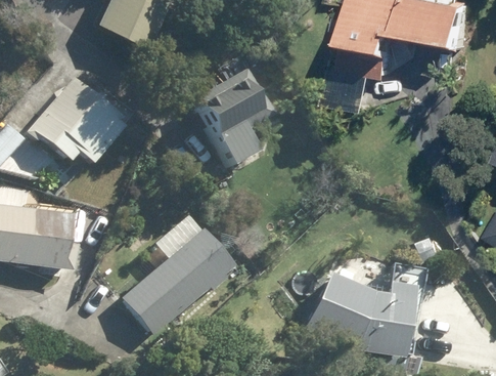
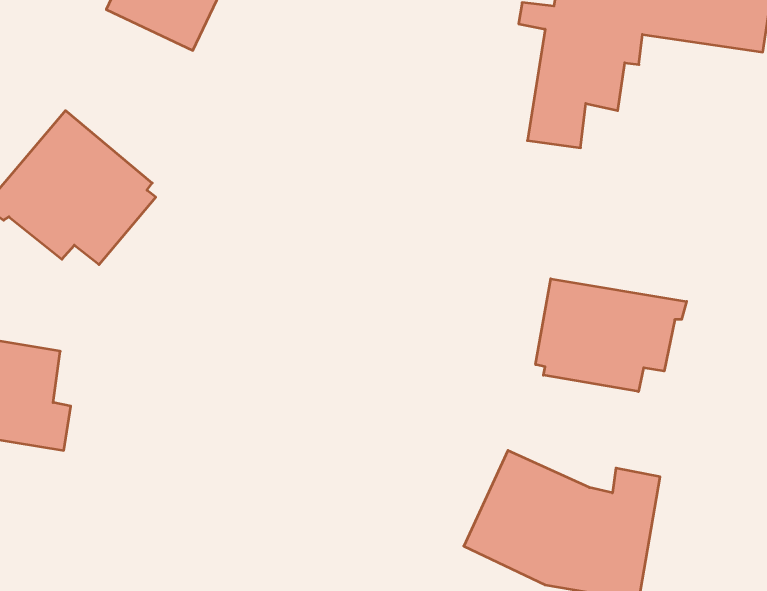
building: [194,68,275,167] -> none
building: none -> [536,279,687,392]
building: [121,233,232,335] -> none

